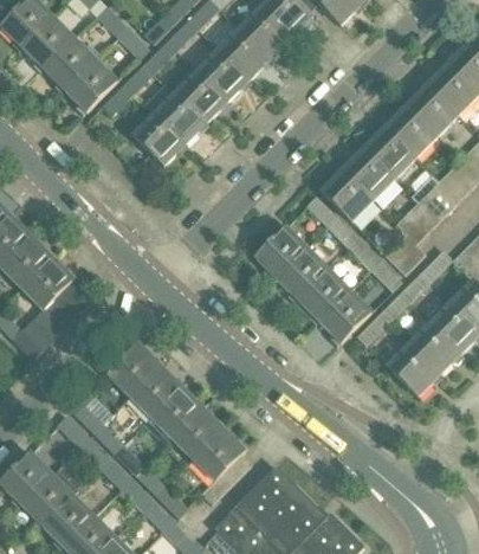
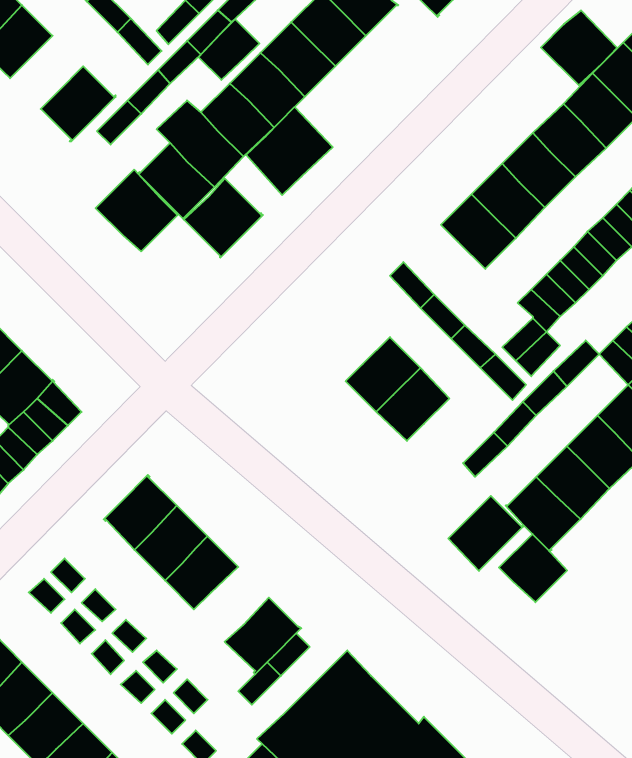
building: none -> [541,10,617,85]
building: none -> [199,19,259,80]
building: [43,38,93,89] -> none
building: none -> [246,107,333,195]
building: none -> [96,170,177,251]
building: none -> [184,179,263,258]
building: [321,169,373,221] -> none
building: [254,226,306,278] -> none
building: [318,290,370,342] -> [448,496,523,571]
building: none -> [499,534,567,602]
building: [170,407,222,459] -> none

